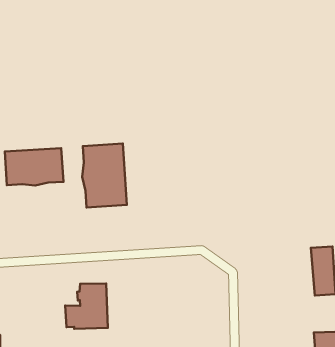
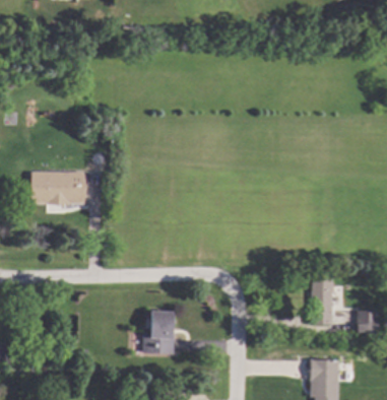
building: [82,143,127,207] -> none
building: [65,283,108,329] -> [136,312,176,354]

